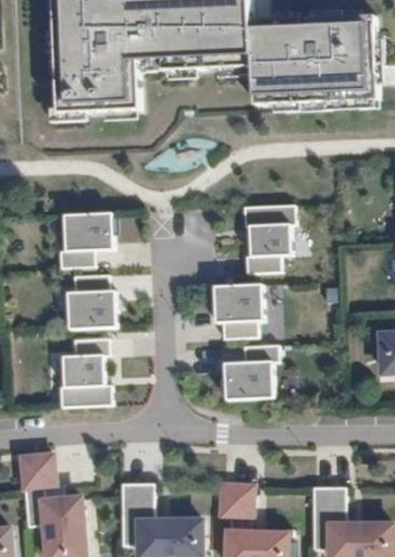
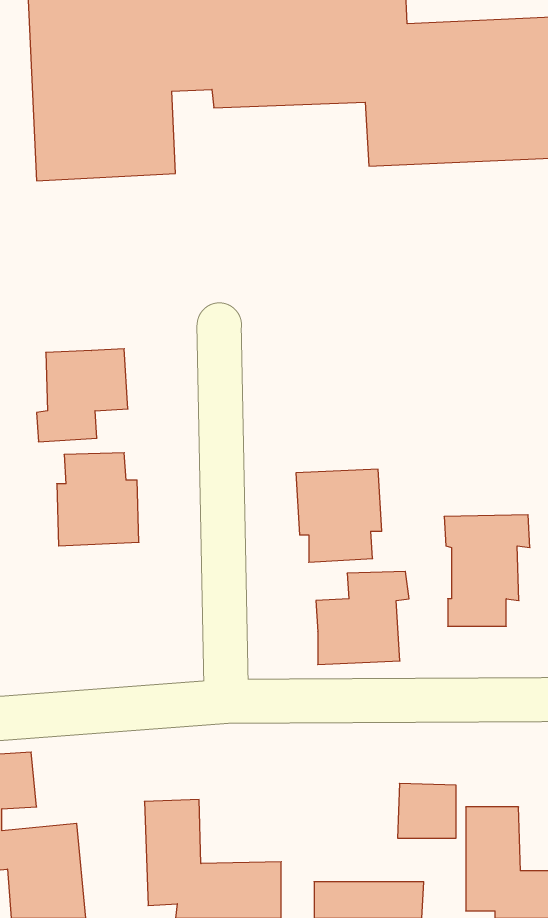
building: [245,207,296,273] -> [444,515,530,626]
building: [60,337,112,406] -> none
building: [220,483,255,516] -> [398,783,456,838]

